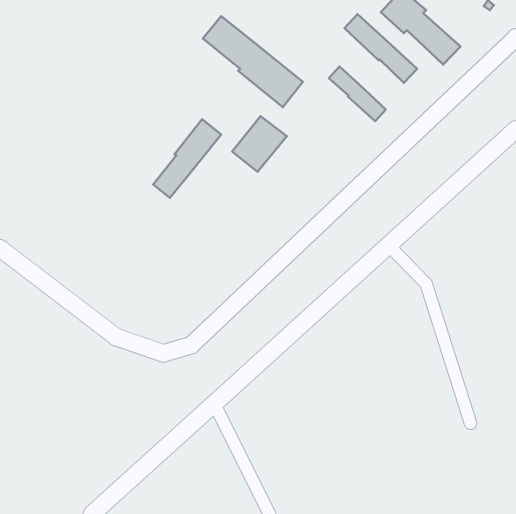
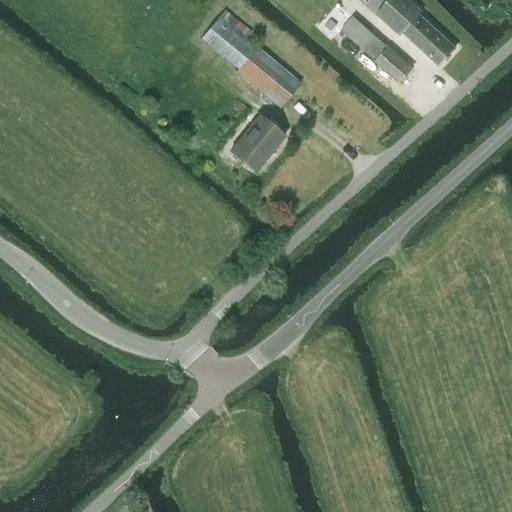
building: [329,67,386,121] -> none
building: [153,119,221,198] -> none

